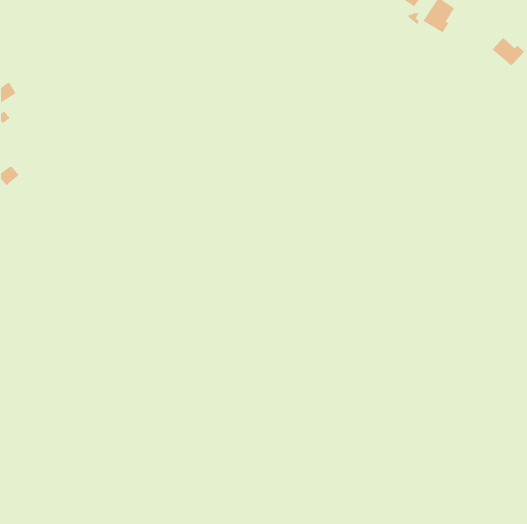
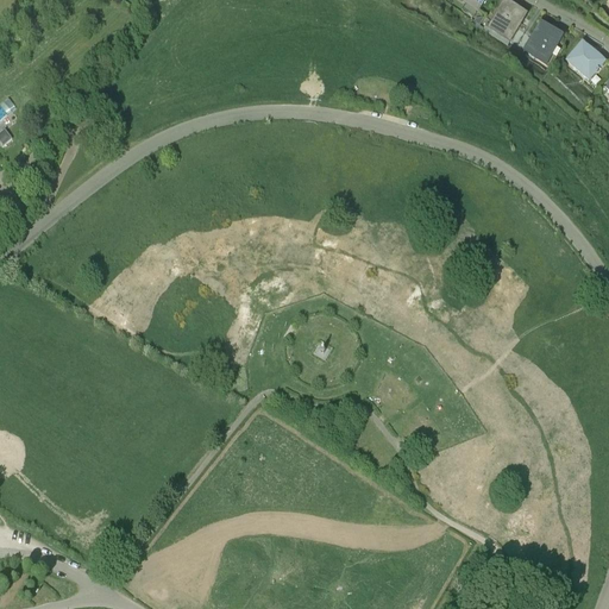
building: none -> [523,19,564,61]

